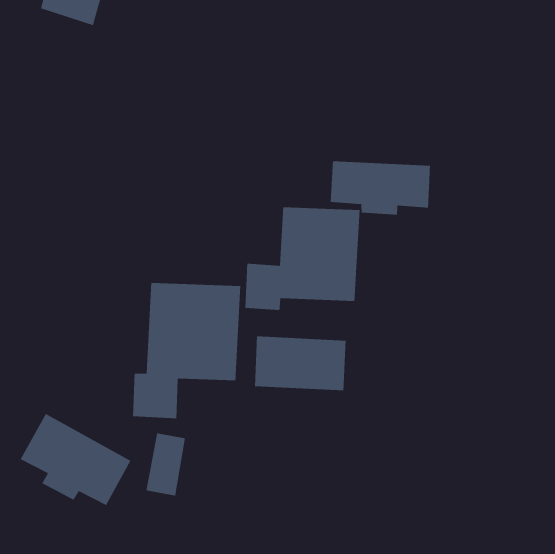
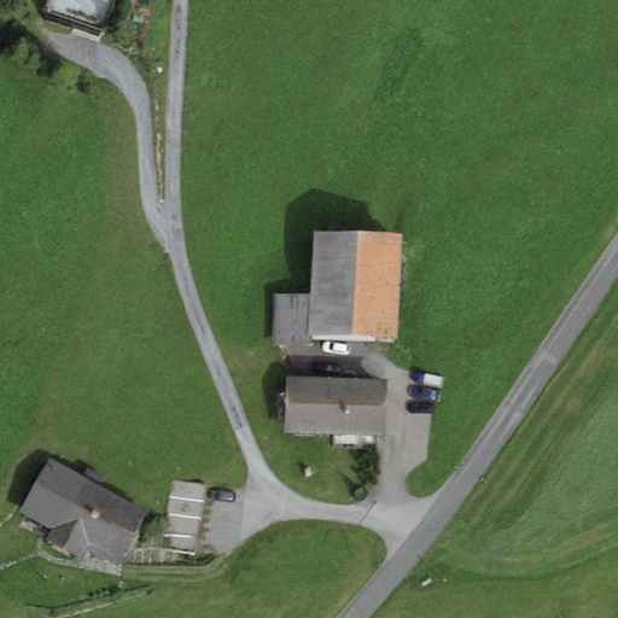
building: [330,161,431,215] -> none
building: [132,282,241,419] -> none

